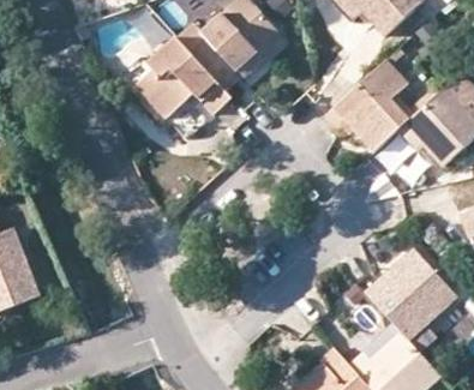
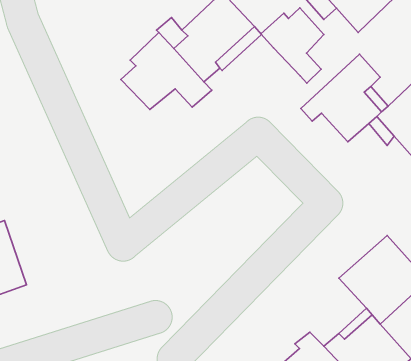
building: none -> [261,8,324,83]

